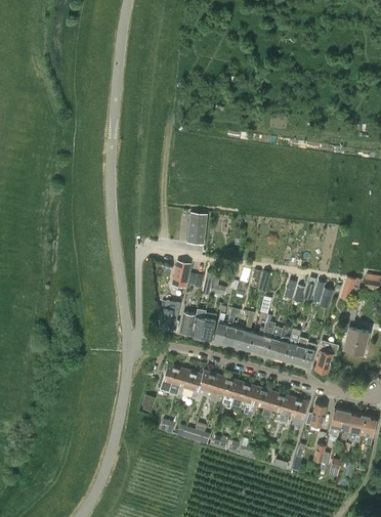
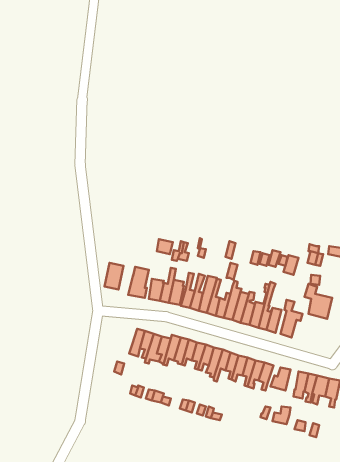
building: [186,213,207,246] -> none
building: [171,261,190,289] -> [105,263,124,290]

